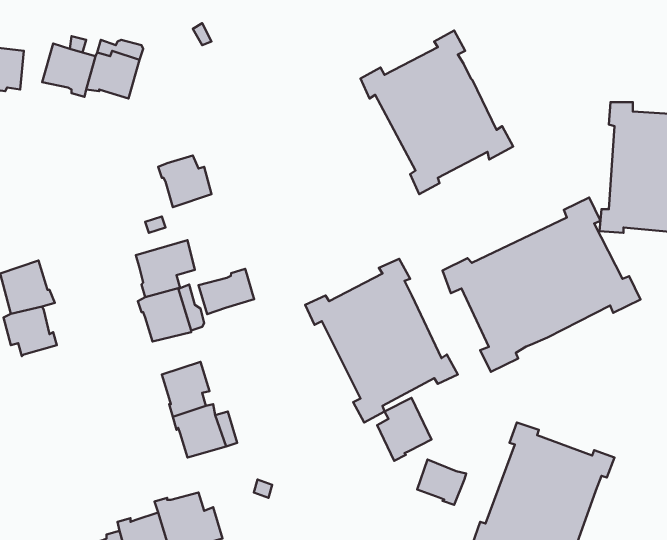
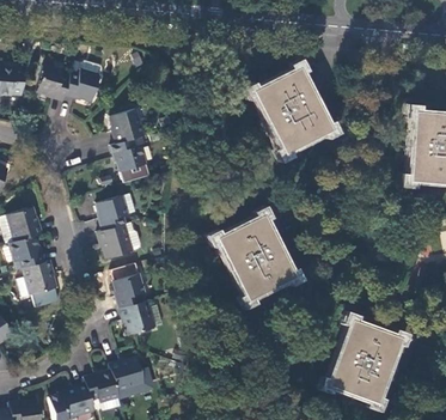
building: none -> [112,108,145,142]
building: [442,197,640,372] -> none
building: [198,269,254,314] -> none
building: none -> [20,260,59,297]
building: [377,398,431,461] -> none
building: [417,459,466,505] -> none

